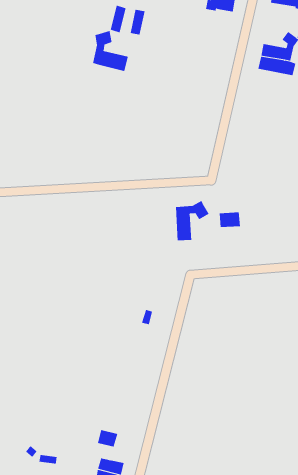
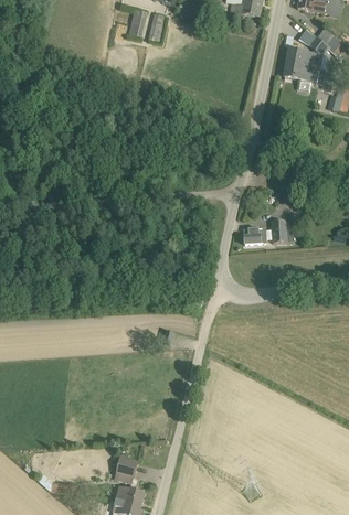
building: [92,30,129,72] -> none
building: [175,200,209,241] -> none
building: none -> [271,217,293,240]

